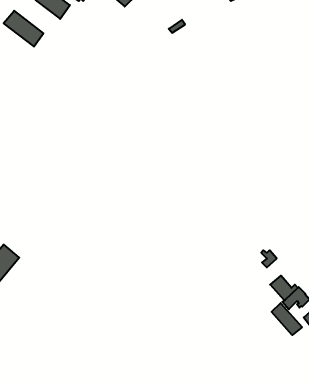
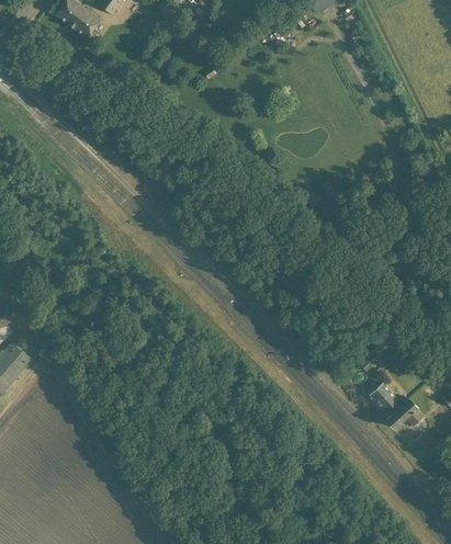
building: [4,11,43,47] -> none
building: [272,303,302,335] -> none

